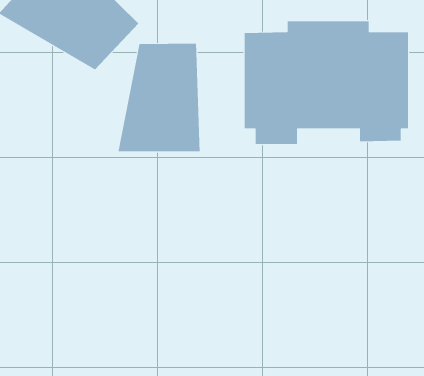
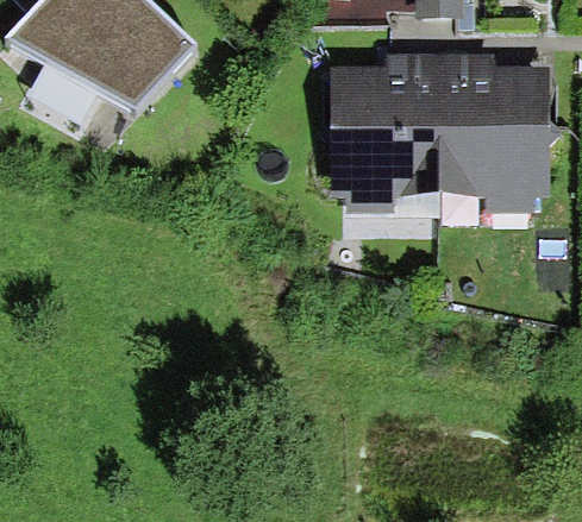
building: [118,43,200,152] -> none

